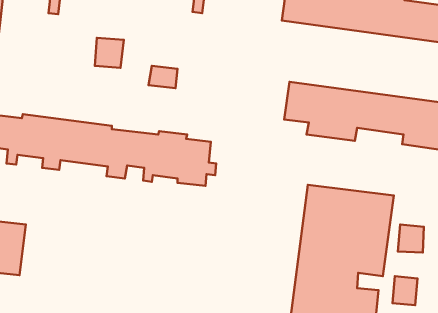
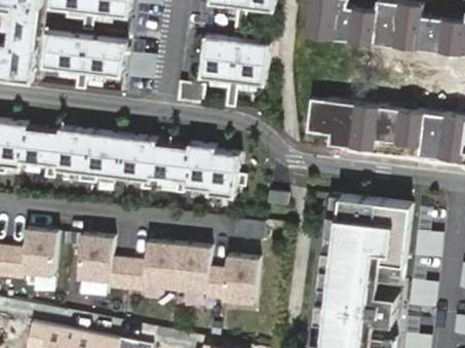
building: none -> [45,30,130,89]
building: none -> [189,32,260,105]
building: none -> [78,234,264,307]

